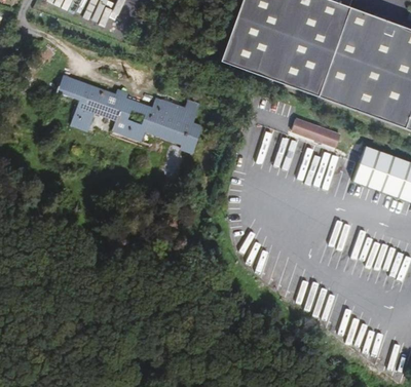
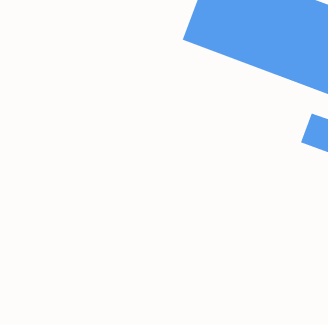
building: [57,71,202,151] -> none
building: [282,113,330,143] -> none

